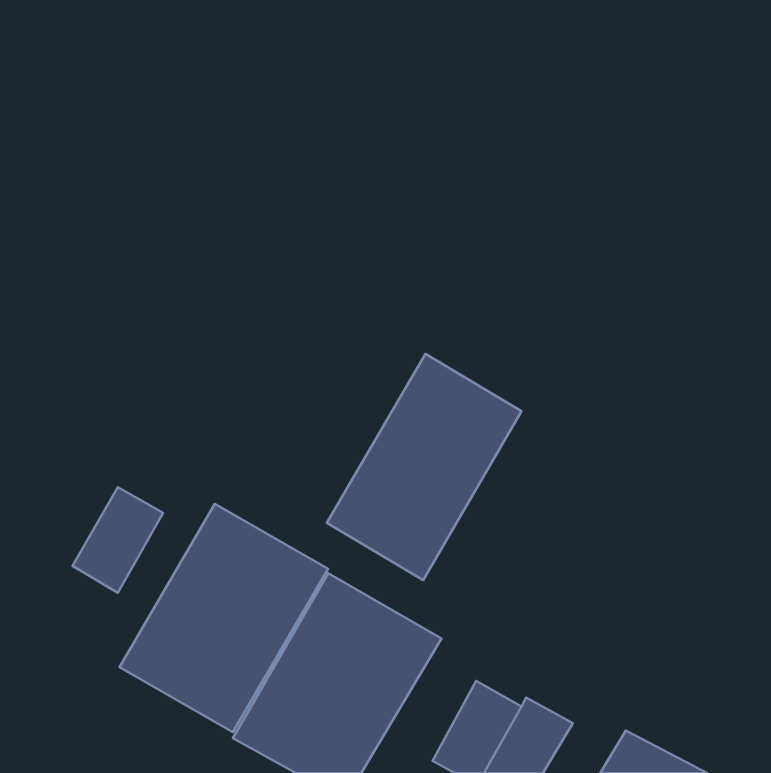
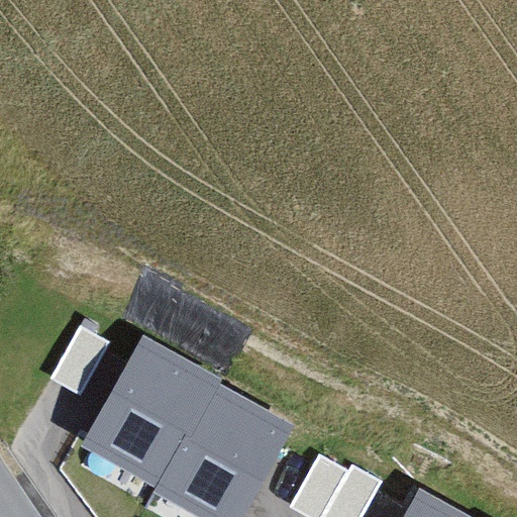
building: [327,354,522,580] -> none

